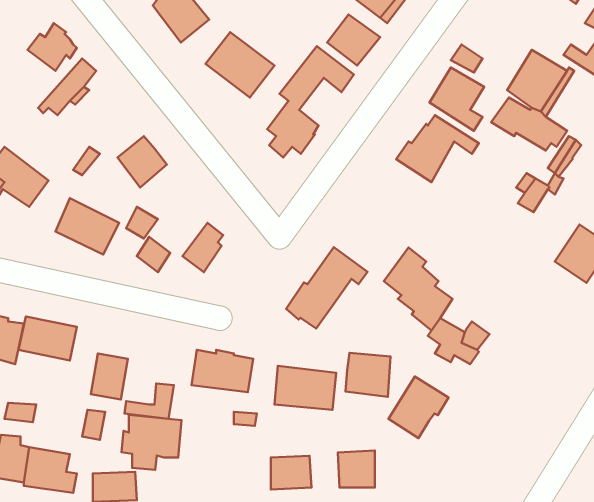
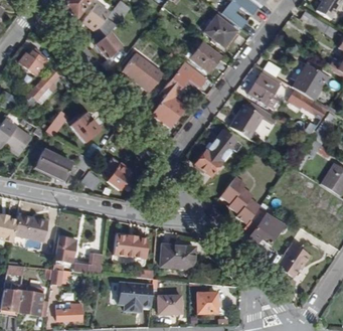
building: [286,247,367,328] -> [195,129,241,175]
building: [346,353,391,397] -> none
building: [388,376,448,438] -> [278,241,312,277]
building: [122,415,182,470] -> [118,281,152,312]

